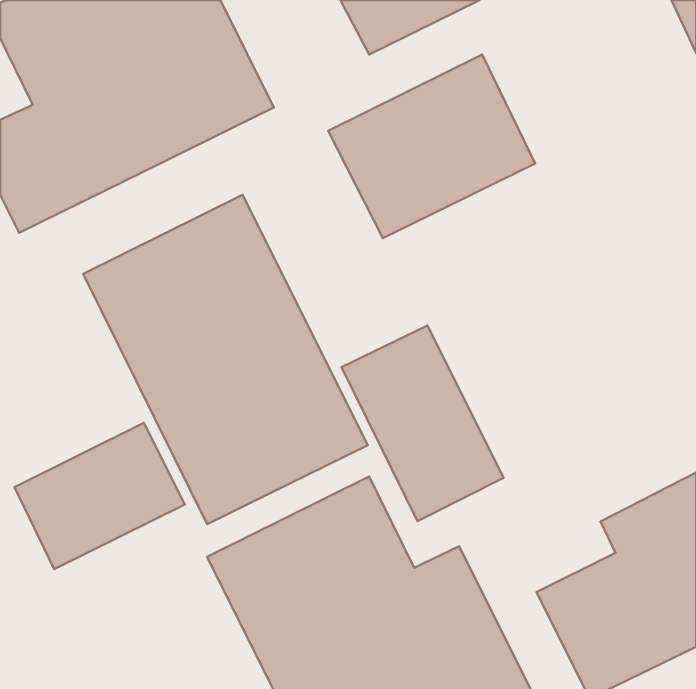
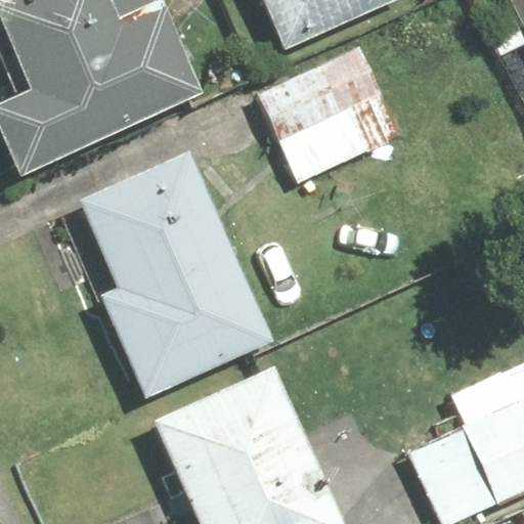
building: [341,326,503,521] -> none
building: [15,423,185,569] -> none

